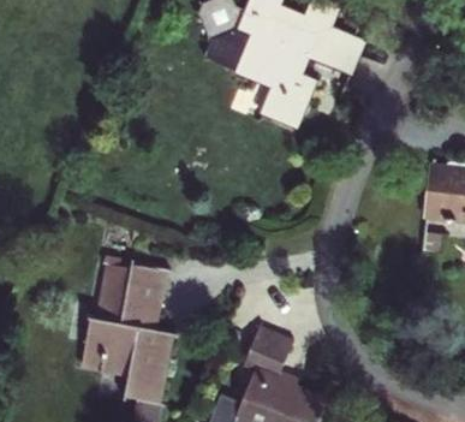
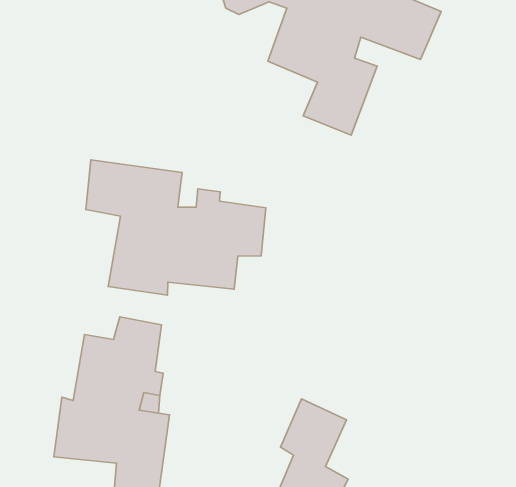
building: none -> [86,160,266,295]

